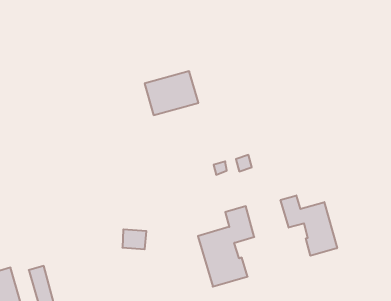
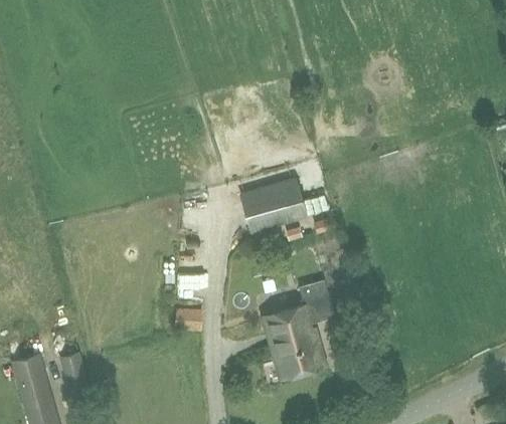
building: [145,71,198,115] -> [240,178,306,231]
building: [281,195,337,256] -> none

